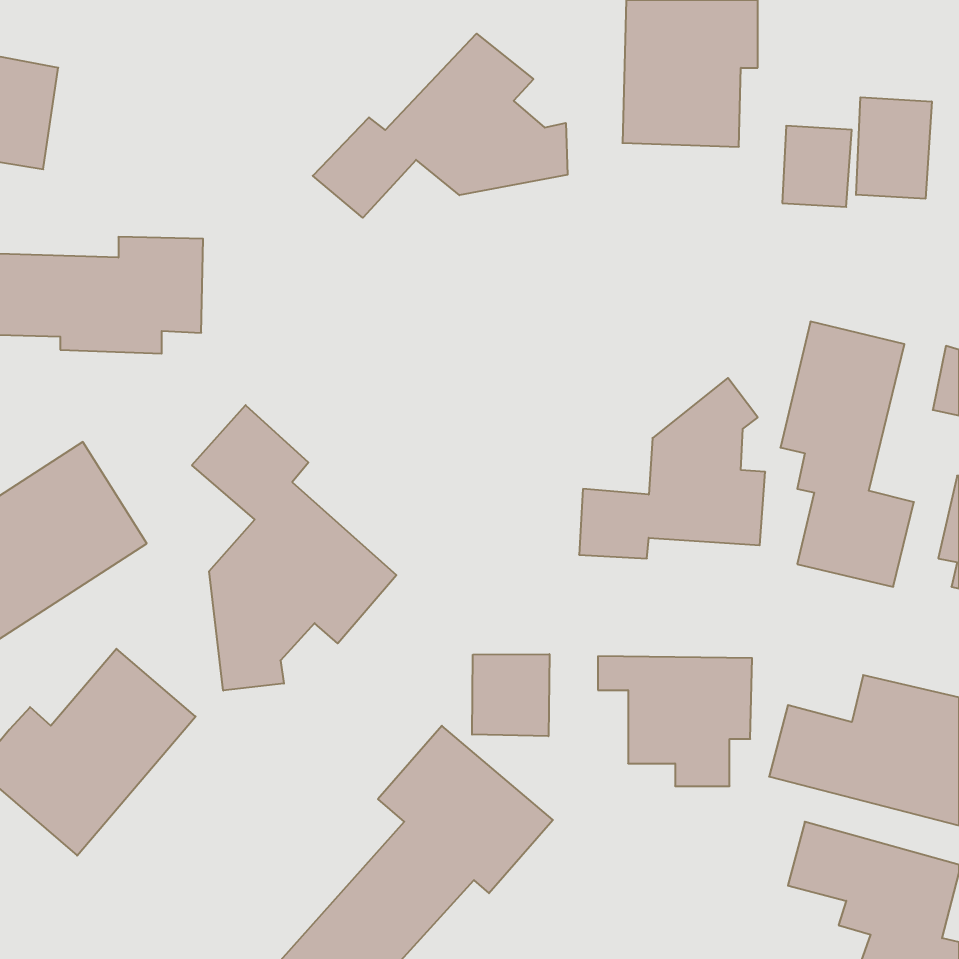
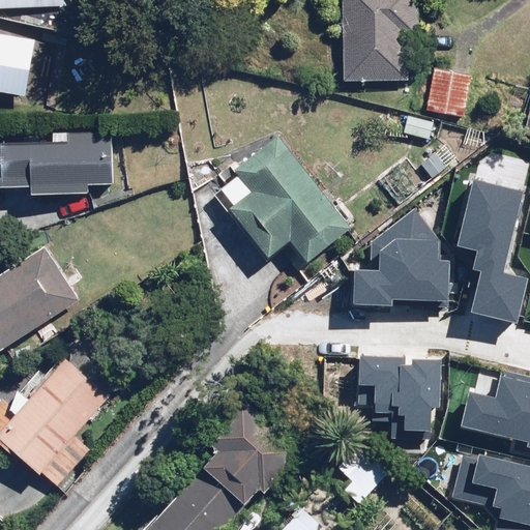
building: [313,34,568,218] -> none
building: [856,97,932,199] -> none
building: none -> [232,134,352,262]
building: [192,405,396,691] -> none
building: [472,654,549,736] -> none

